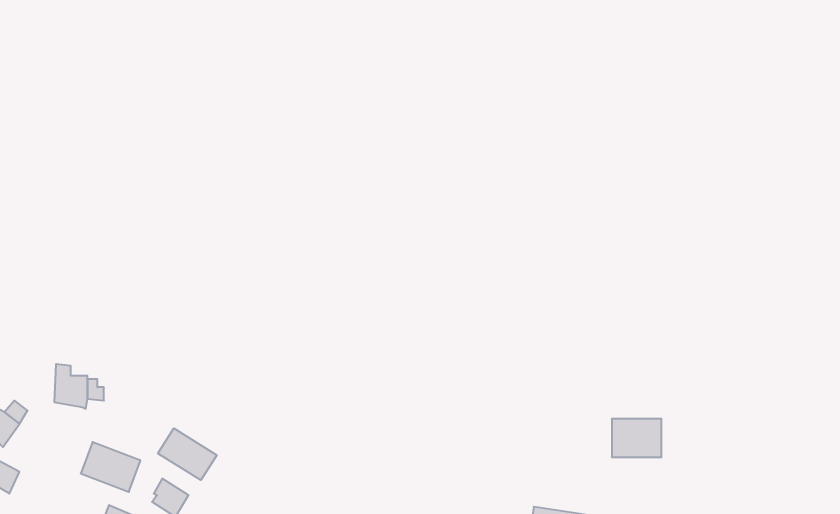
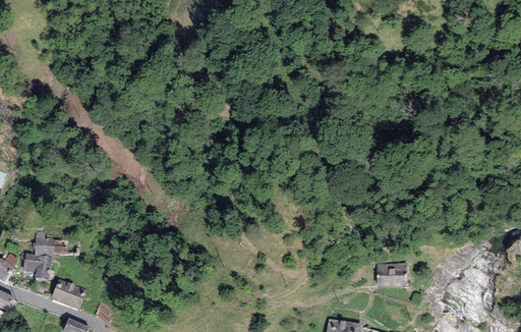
building: none -> [22,254,52,280]
building: [158,428,217,480] -> none

